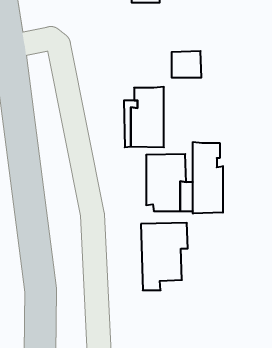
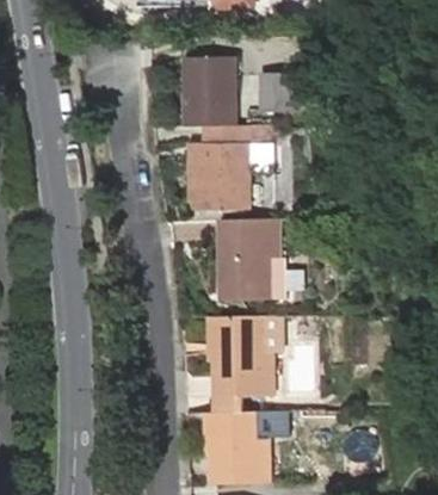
building: none -> [186,60,233,125]
building: [193,142,223,214] -> none
building: none -> [210,409,270,483]

